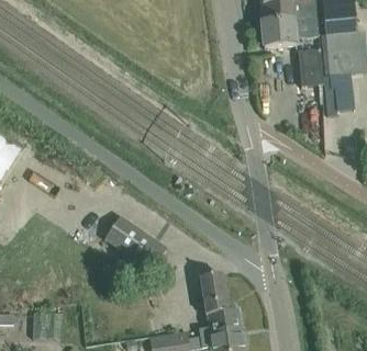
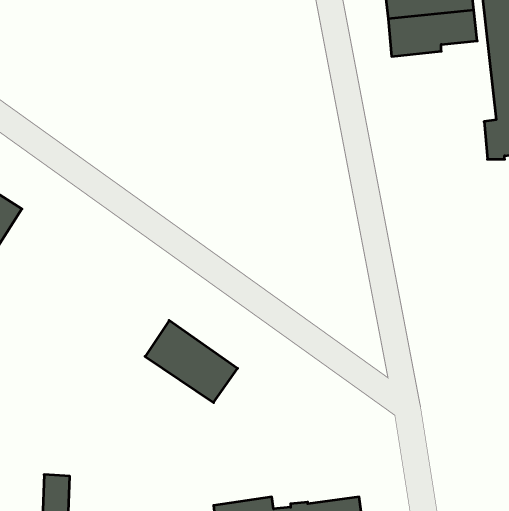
building: [298,49,323,88] -> none
building: [199,275,243,335] -> none

